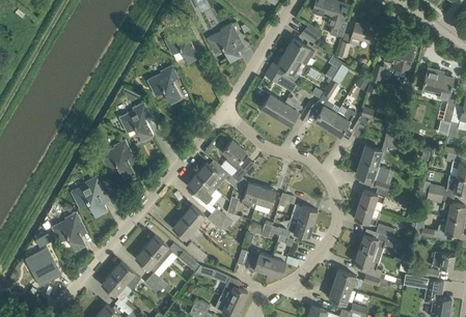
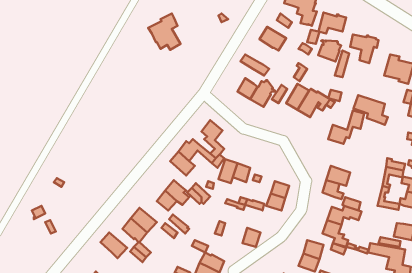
building: [207,23,241,62] -> none
building: [270,52,300,80] -> none
building: none -> [318,40,341,61]
building: [147,65,182,104] -> none
building: [118,103,154,141] -> none
building: [100,140,135,178] -> none
building: [355,161,392,193] -> [354,95,388,125]
building: [73,177,107,215] -> none
building: [51,211,86,251] -> none
building: [28,247,61,287] -> none
building: [246,251,272,273] -> none
building: [102,272,131,300] -> none

